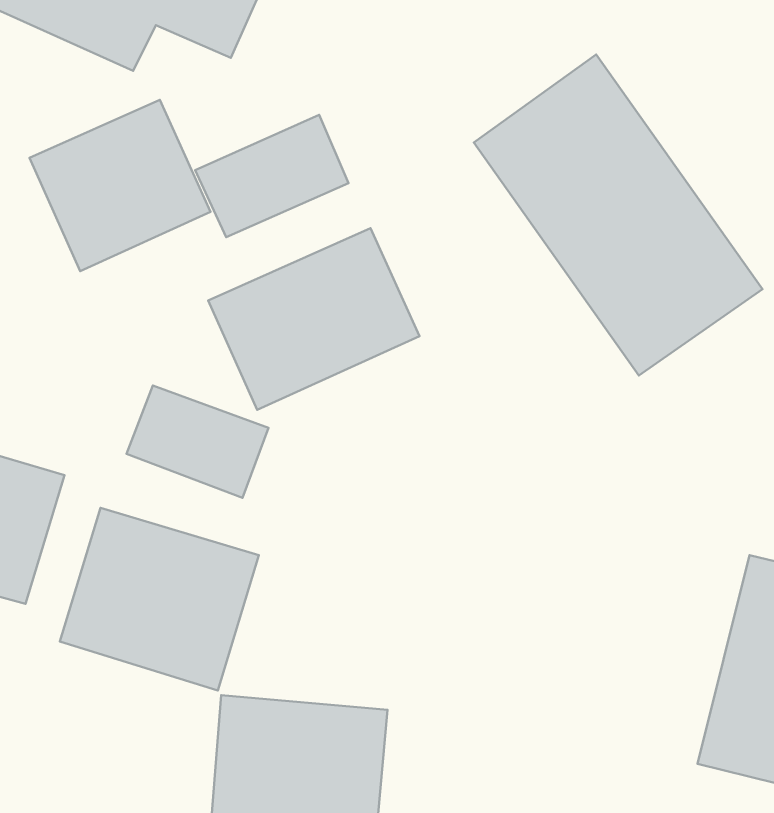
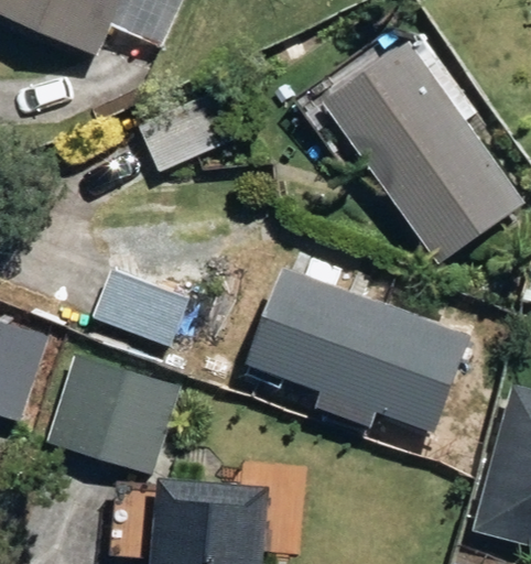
building: [30,100,210,271] -> none
building: [208,228,419,410] -> none
building: none -> [242,268,469,435]

